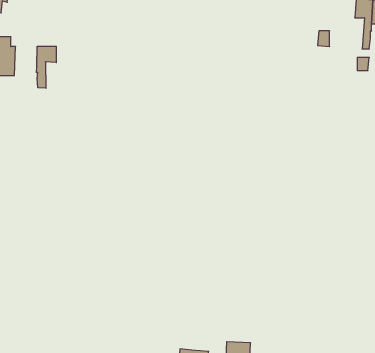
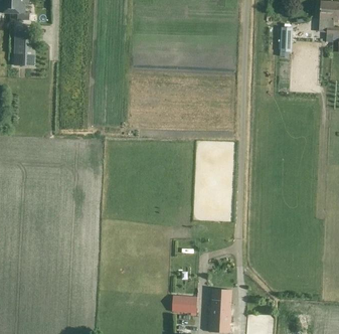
building: [36,46,56,88] -> none

